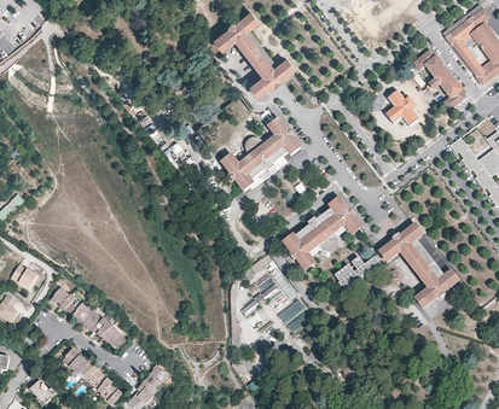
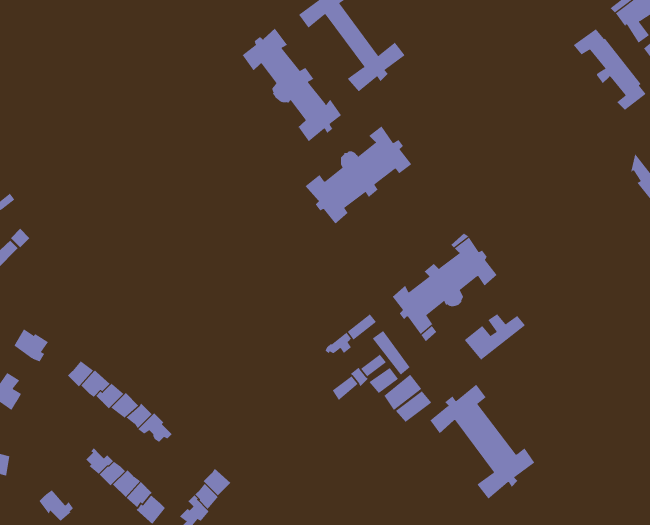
building: none -> [242,28,342,142]
building: [387,90,419,125] -> none
building: [379,222,456,305] -> [430,384,535,499]

